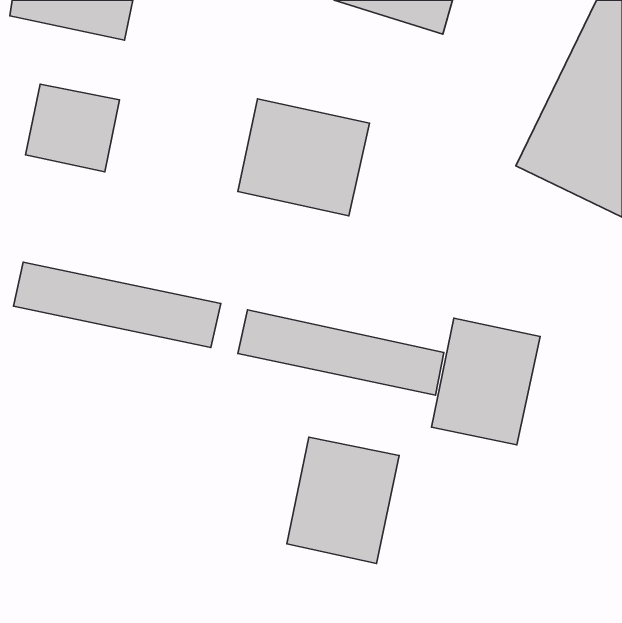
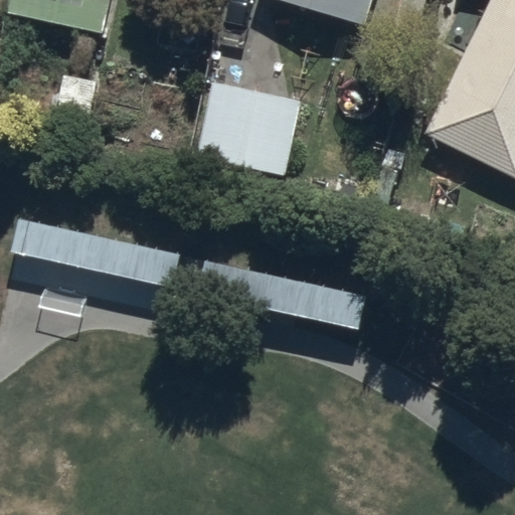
building: [432,318,540,445] -> none
building: [287,437,399,563] -> none

